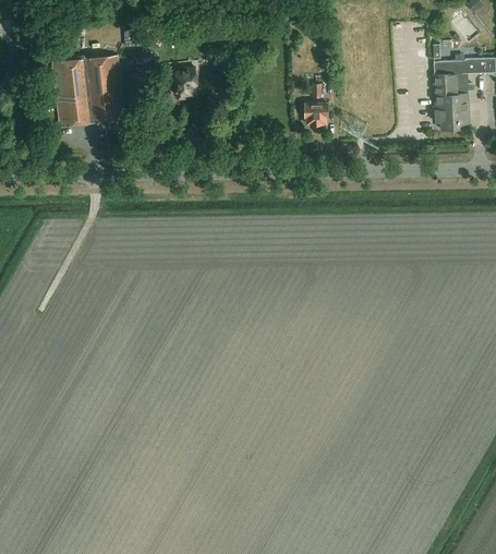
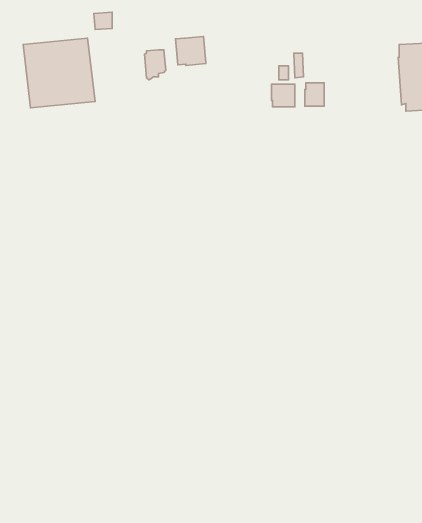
building: none -> [176,36,206,65]
building: none -> [305,83,324,106]

